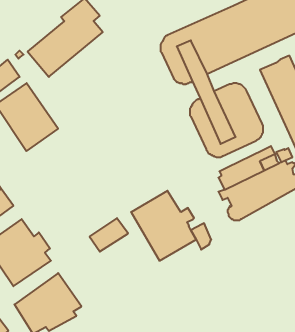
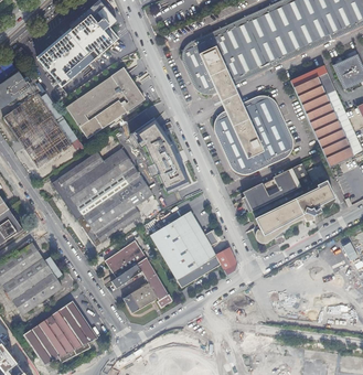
building: none -> [66,66,145,138]
building: none -> [130,117,189,194]
building: none -> [52,148,152,246]
building: none -> [111,257,172,312]

